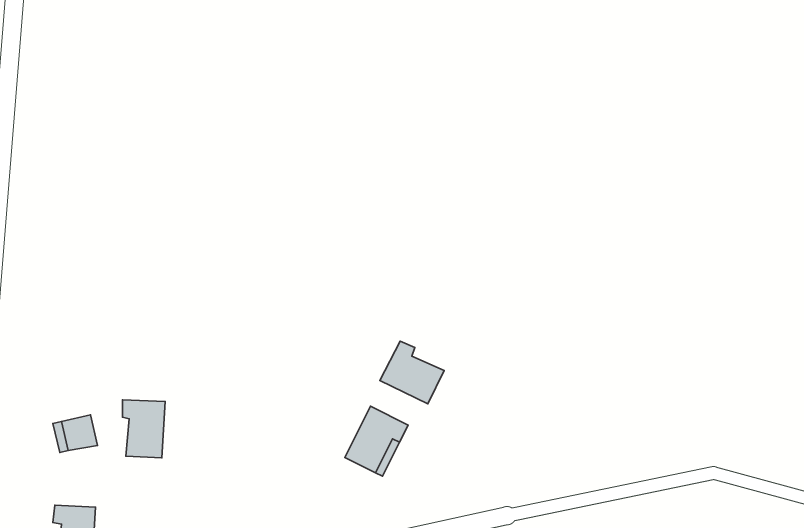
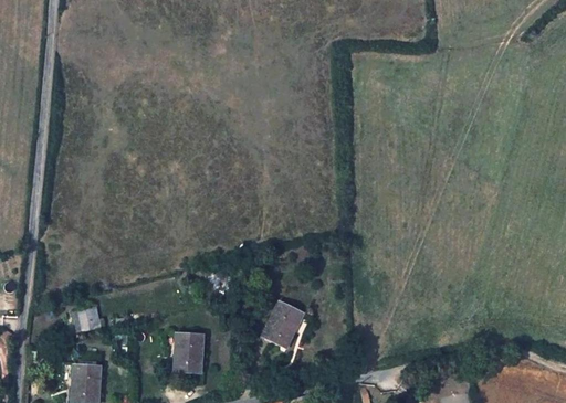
building: [380,341,444,404] -> none
building: [122,400,165,458] -> [175,335,202,372]

